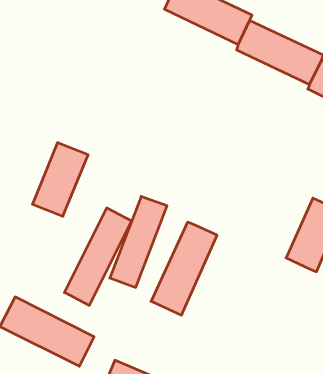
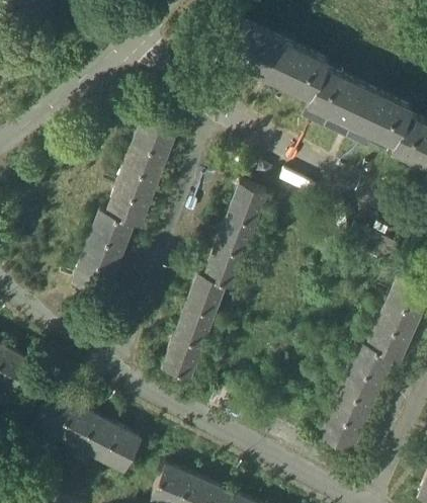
building: none -> [104,119,177,228]
building: none -> [201,185,267,288]
building: [64,208,132,305] -> none
building: [151,222,217,315] -> [317,344,394,452]

